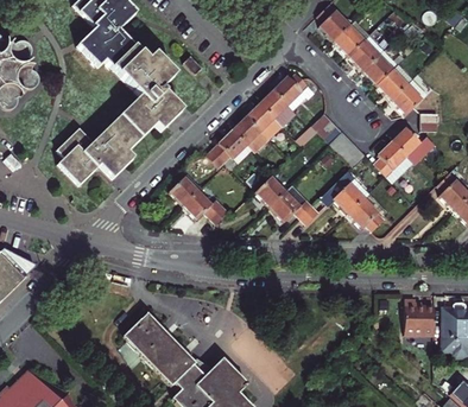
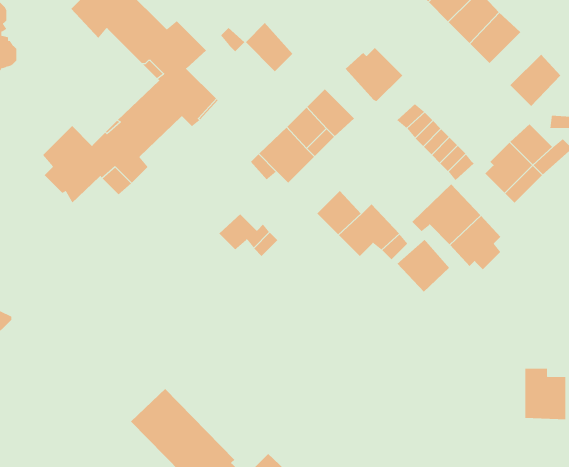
building: [378,61,415,98] -> none
building: [260,87,295,122] -> [245,22,293,72]
building: [170,172,203,204] -> none
building: none -> [397,239,450,292]

